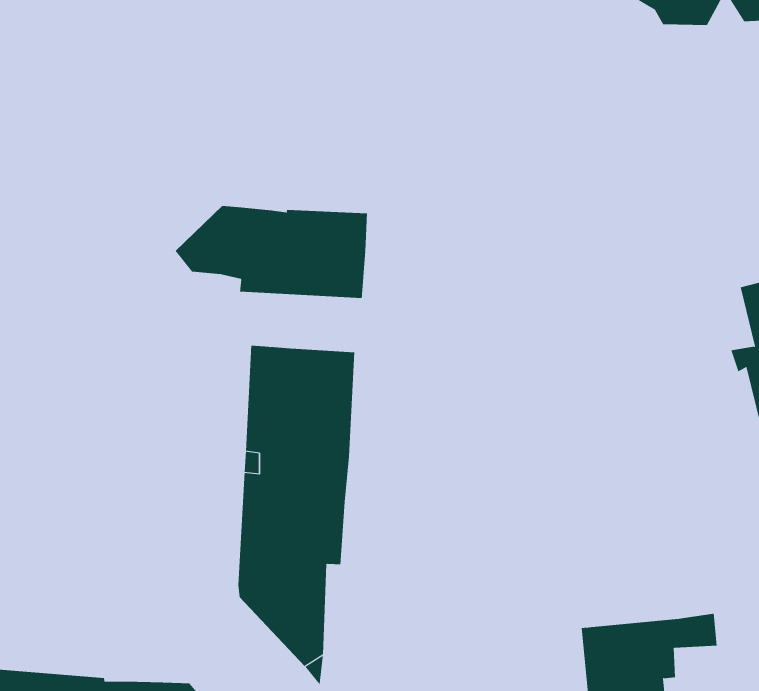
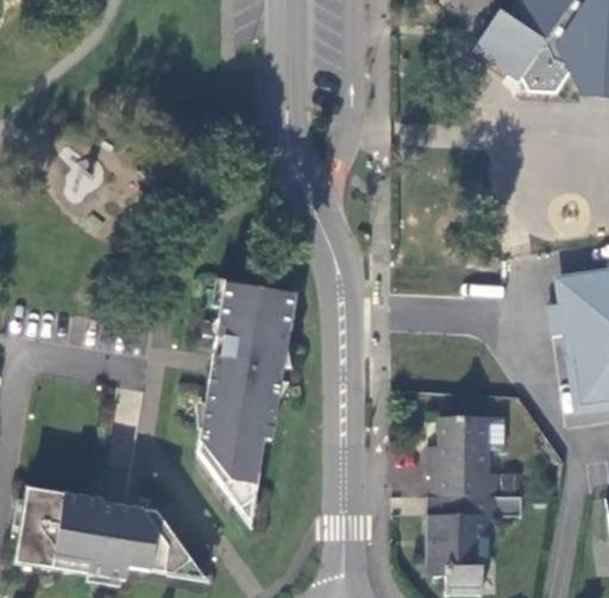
building: [175,205,367,299] -> none
building: none -> [431,417,525,497]

